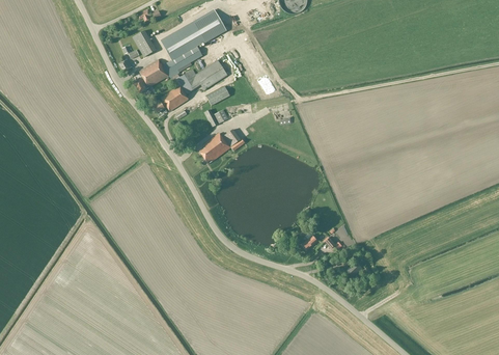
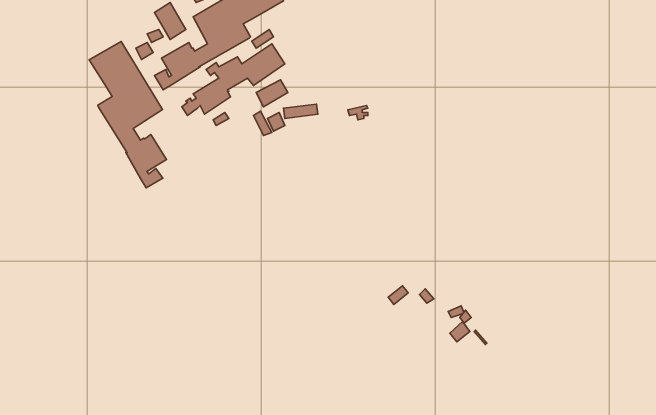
building: none -> [89,42,166,188]
building: [199,129,245,163] -> none

